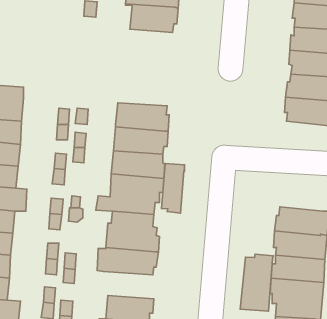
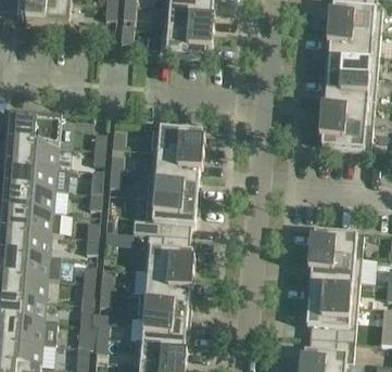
building: [161,163,185,213] -> none
building: [240,254,273,311] -> none
building: none -> [137,295,190,322]

